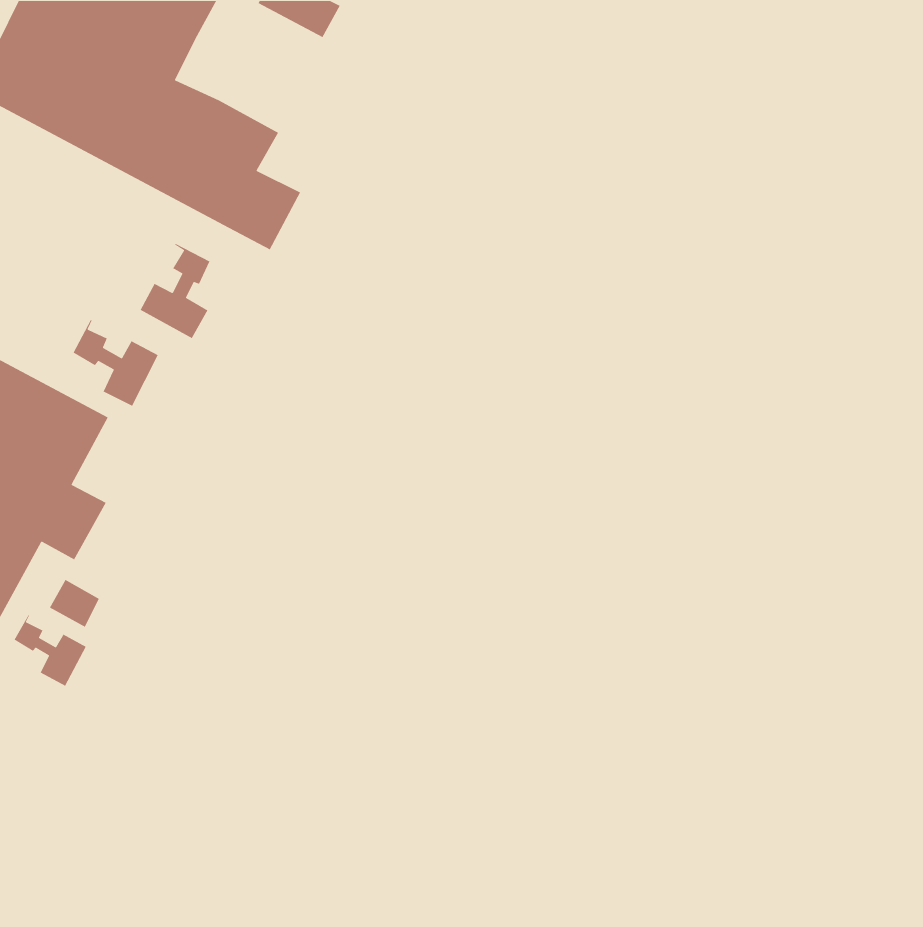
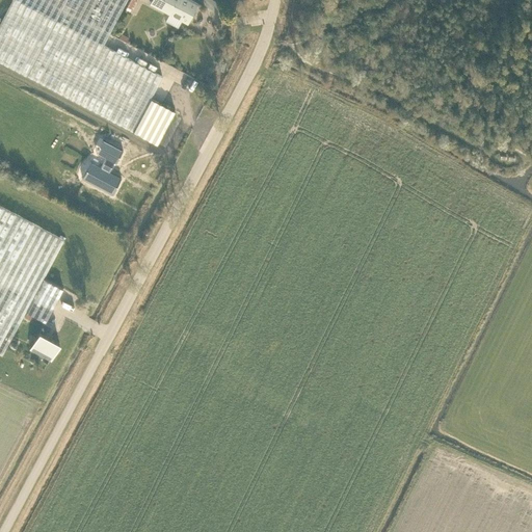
building: [73,319,159,407] -> none
building: [14,614,87,687] -> none

